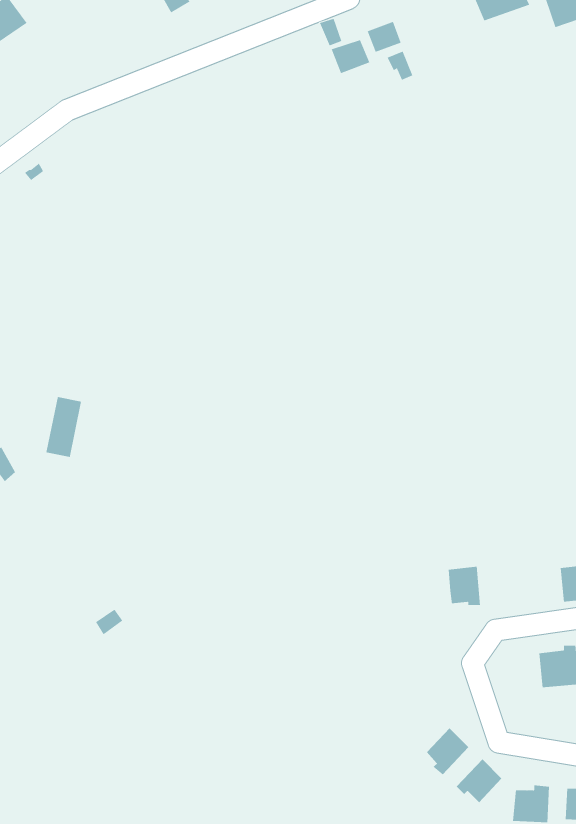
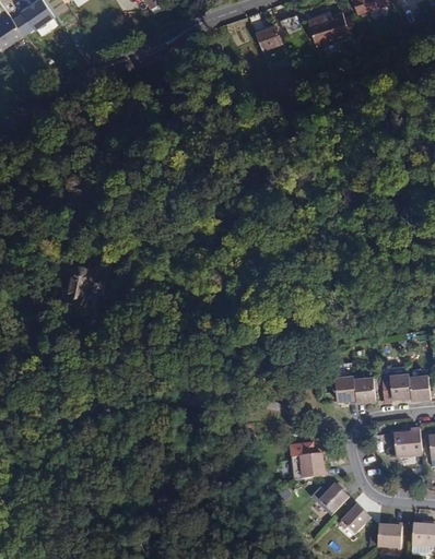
building: none -> [308,11,352,46]
building: none -> [389,373,410,400]
building: none -> [353,374,374,402]
building: none -> [299,452,327,478]

